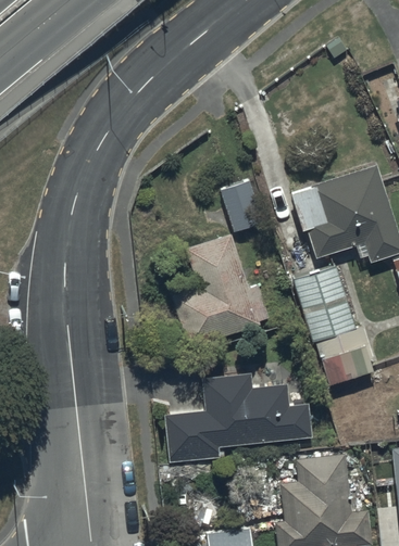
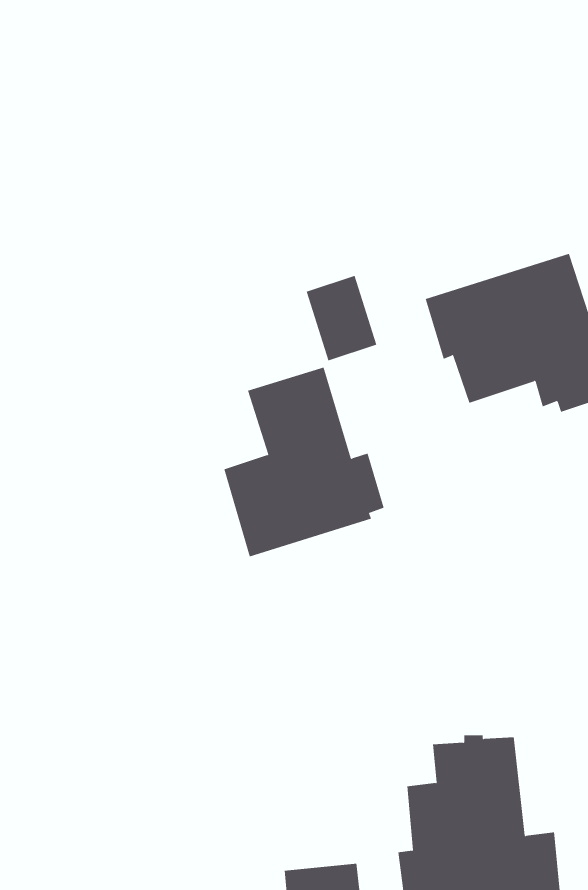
building: [292,265,377,385] -> none
building: [165,374,312,461] -> none

